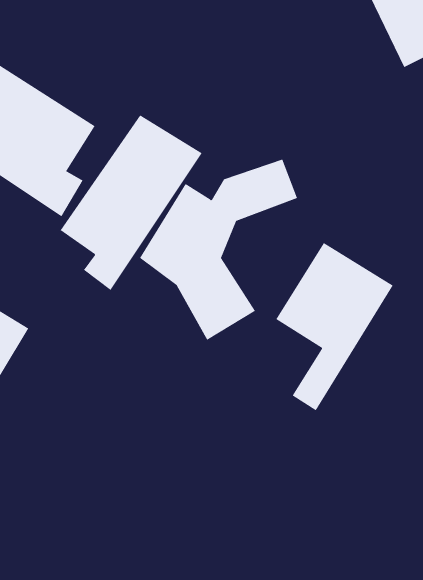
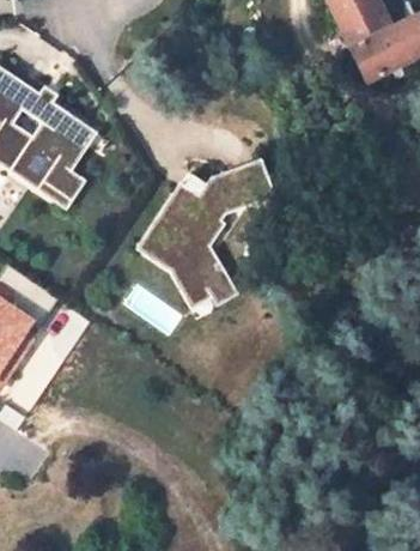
building: [60,114,202,291] -> none
building: [276,242,393,411] -> none

